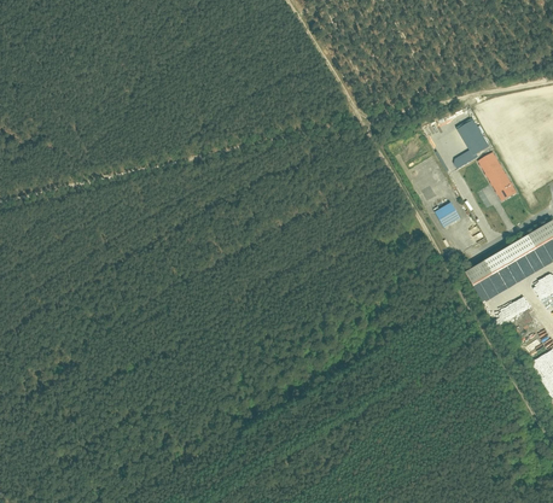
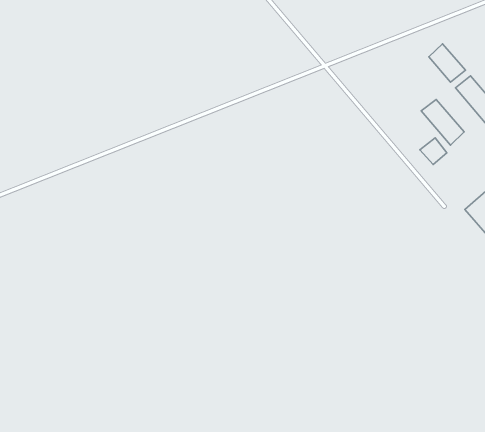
building: none -> [421,99,464,145]

